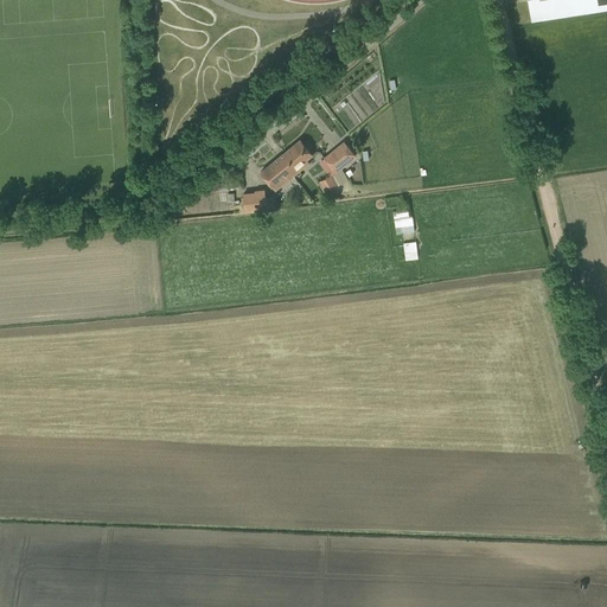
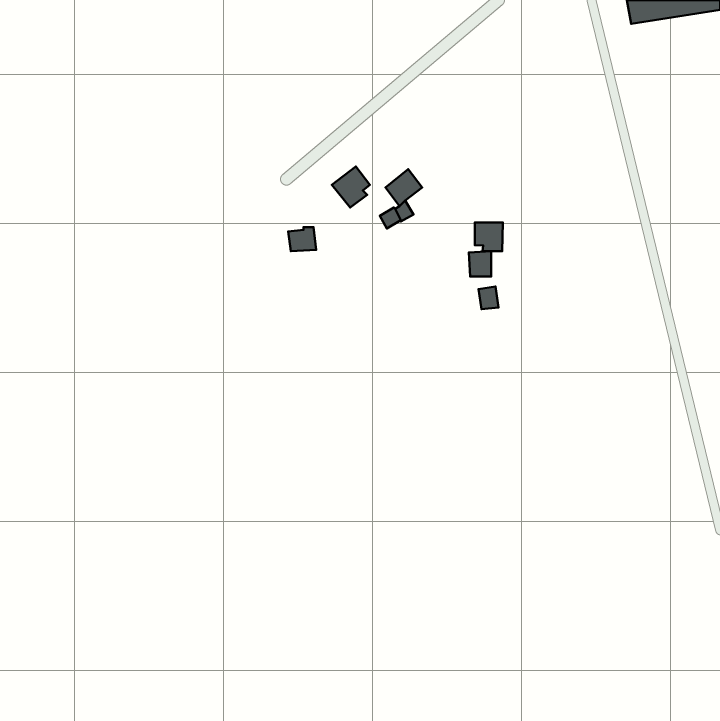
building: [260,155,294,190] -> none
building: none -> [475,222,503,251]

